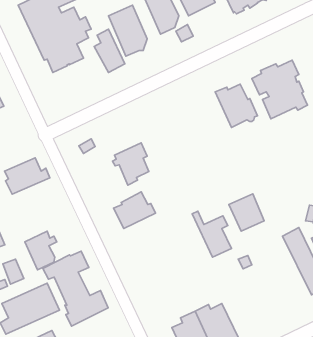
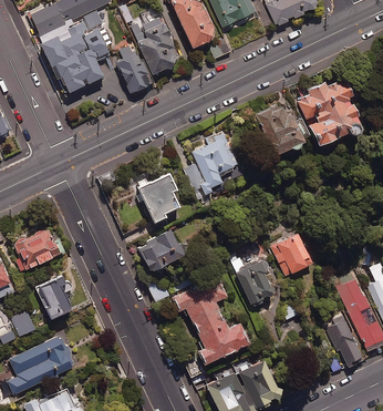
building: none -> [192,133,238,196]
building: [5,158,50,194] -> [12,229,64,271]
building: [43,251,108,326] -> [173,278,248,364]
building: none -> [325,315,362,366]

